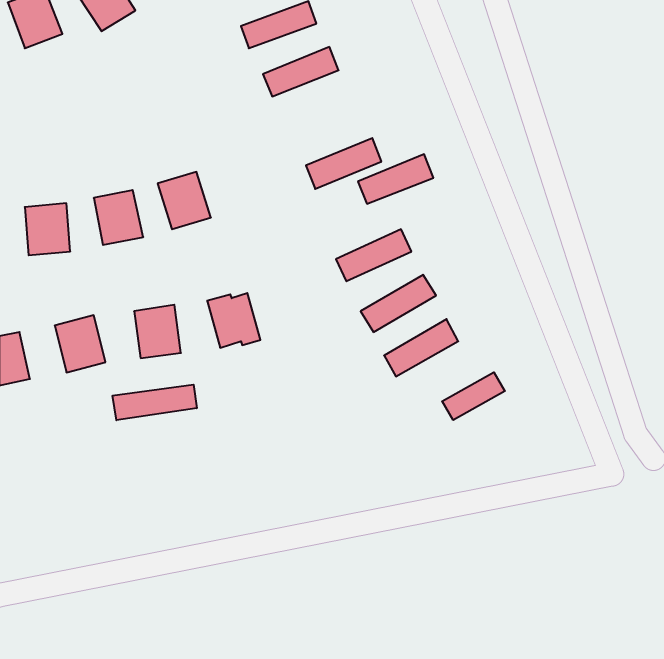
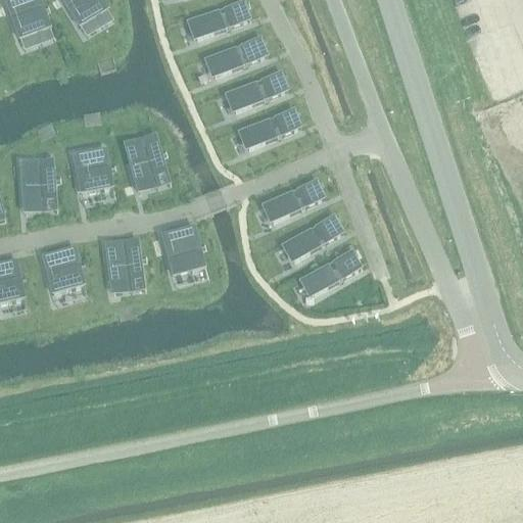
building: [358,154,433,204] -> [227,72,286,110]
building: [442,372,505,420] -> none
building: [113,385,197,420] -> none

